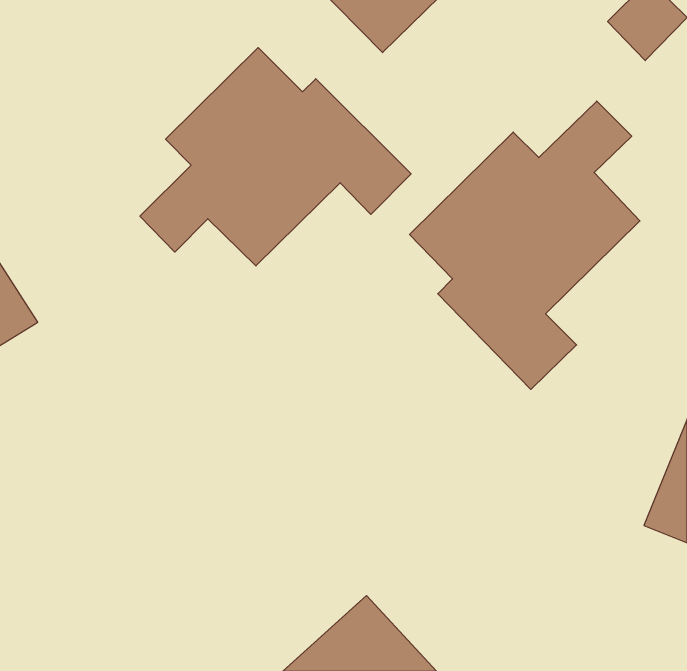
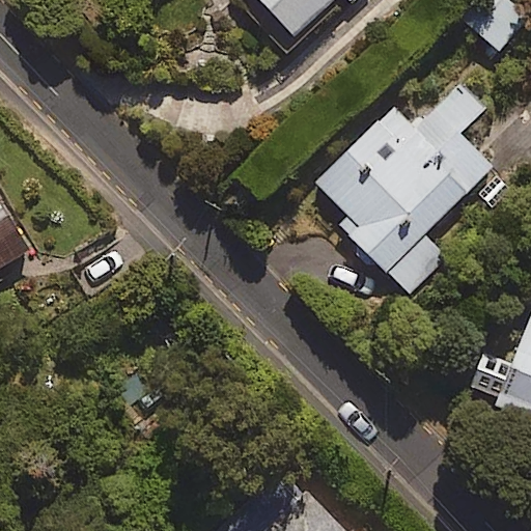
building: [140,48,411,266] -> none

